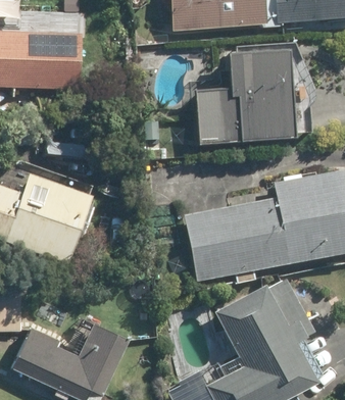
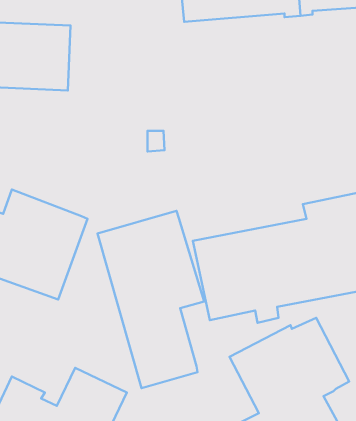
building: [191,51,290,147] -> none
building: none -> [98,211,204,388]

